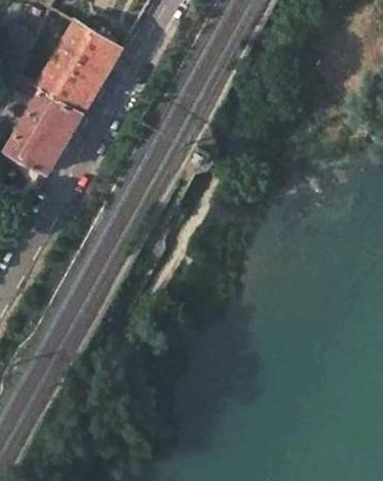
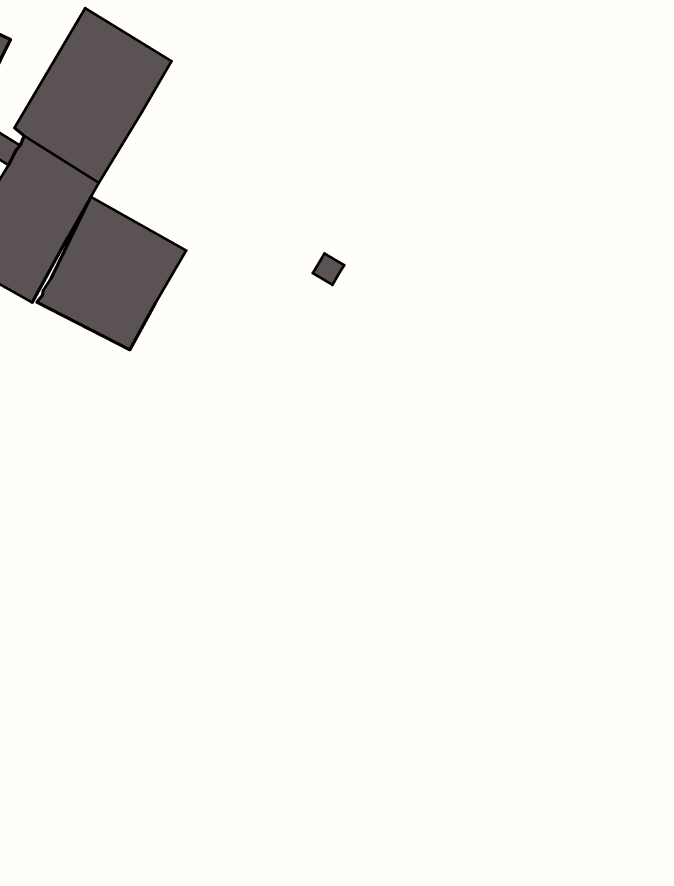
building: none -> [37,197,186,350]

